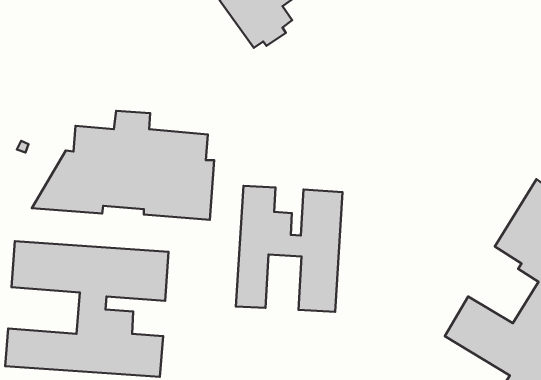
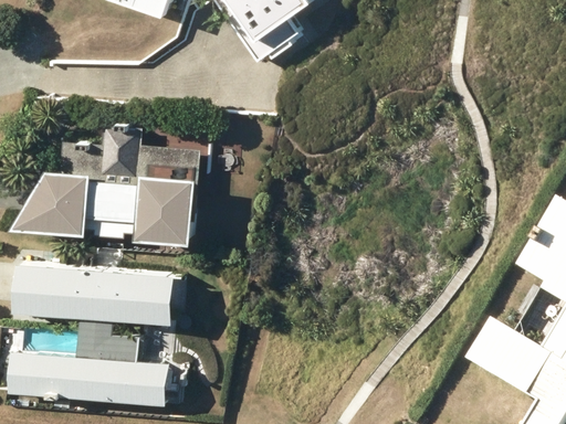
building: [236,186,343,312] -> none

